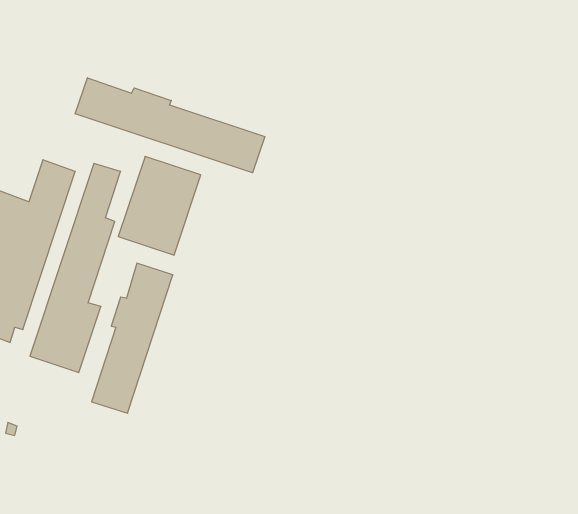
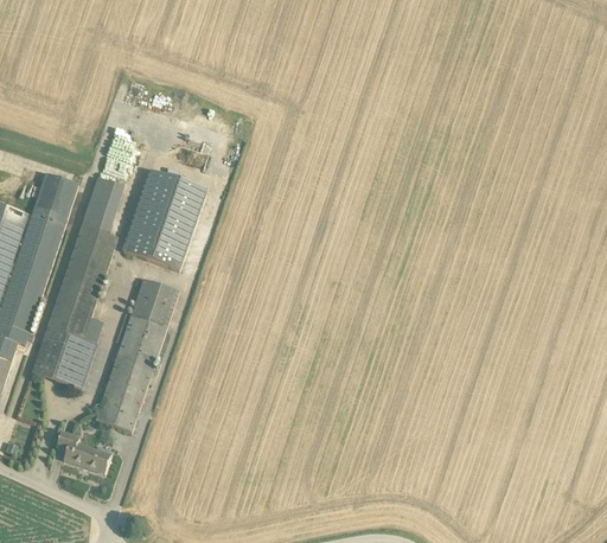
building: [75,78,265,173] -> none
building: none -> [56,432,110,474]

